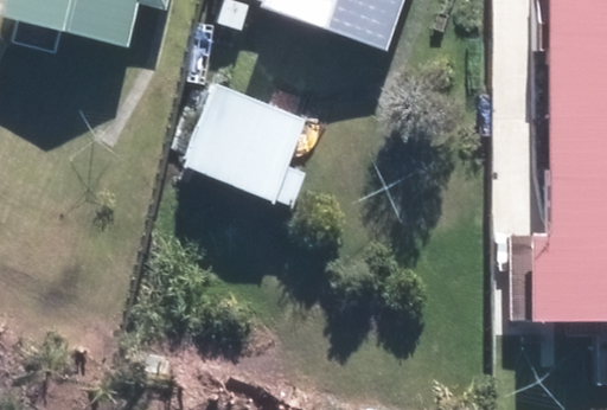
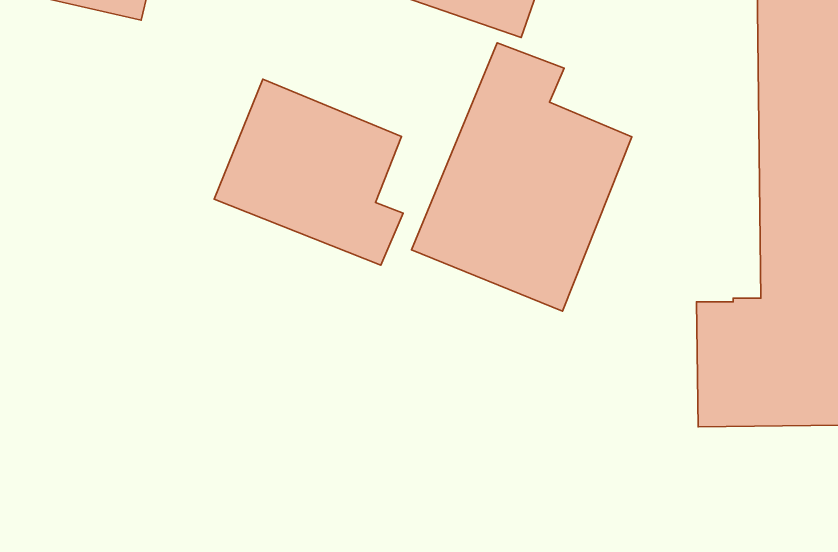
building: none -> [411,43,632,311]

